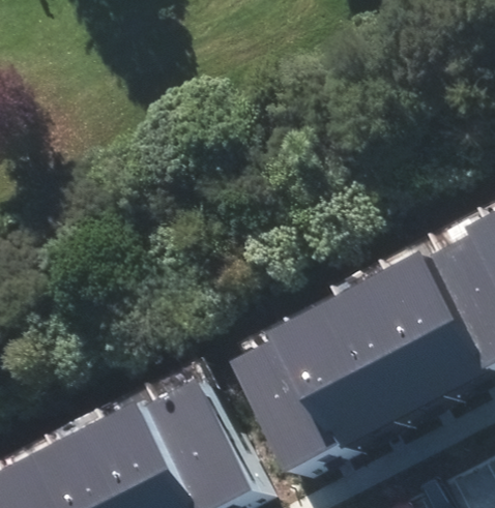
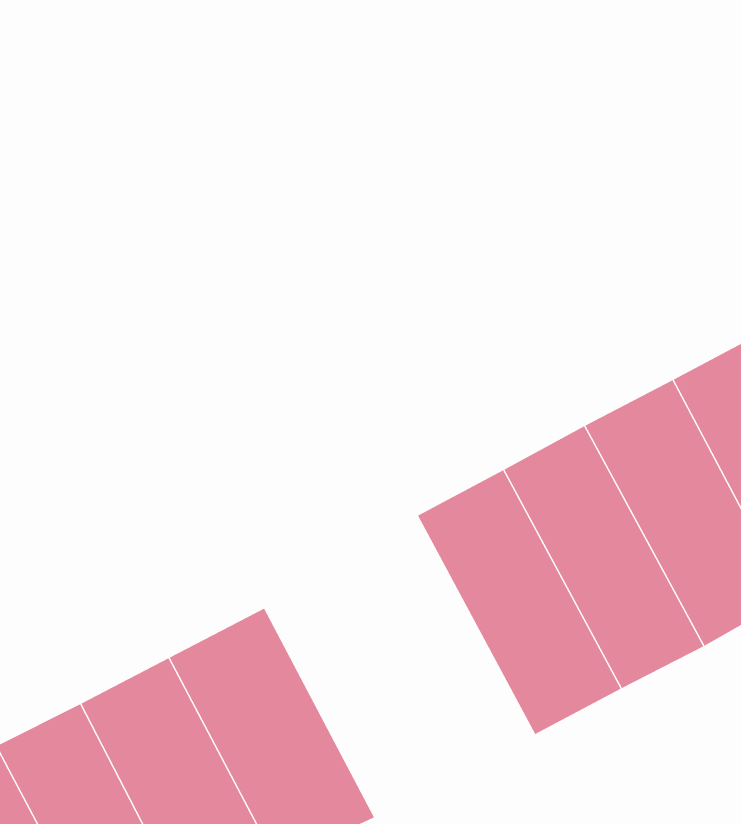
building: [230,326,346,476] -> none

